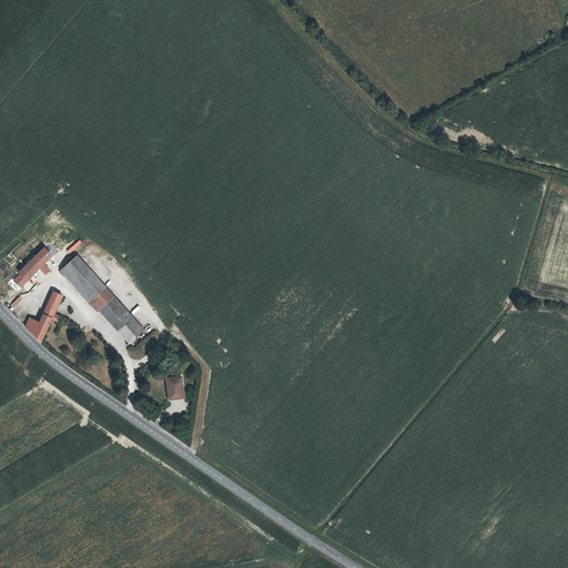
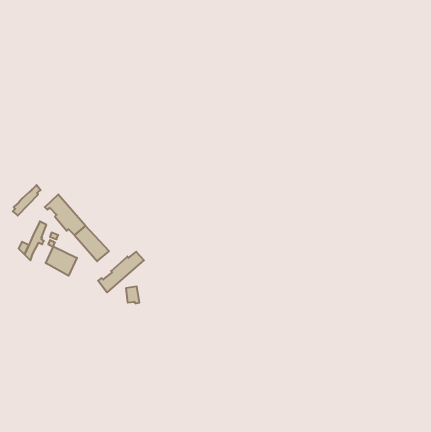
building: none -> [46,247,77,276]
building: none -> [98,252,144,292]

